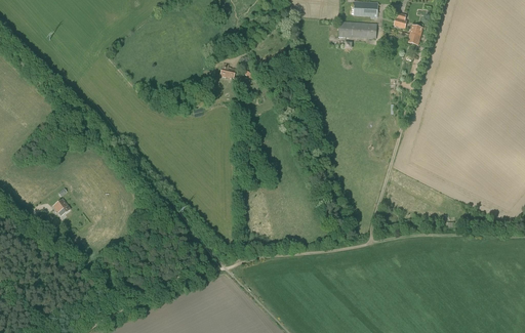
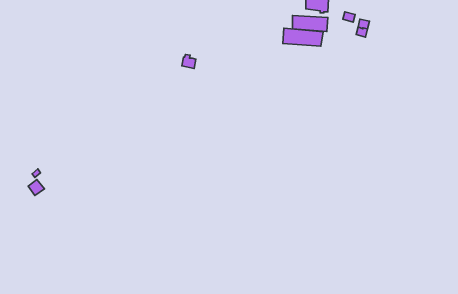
building: none -> [283,28,323,46]

